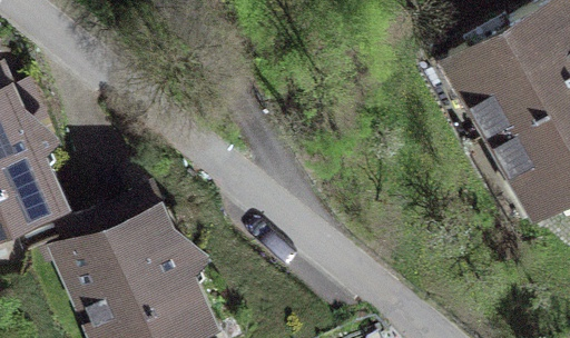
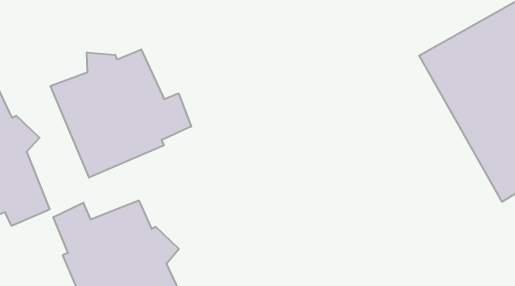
building: none -> [51,49,191,178]

